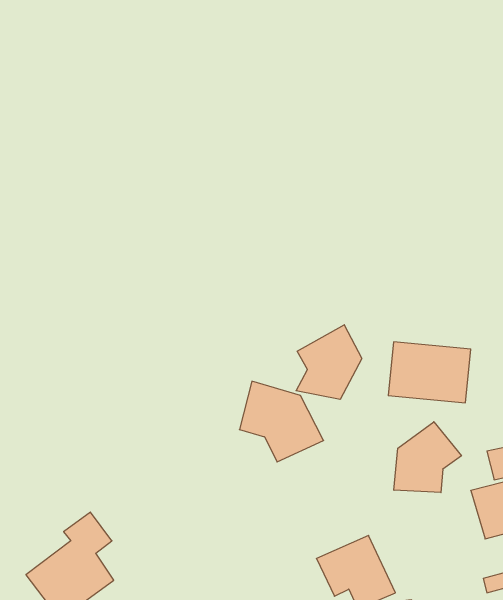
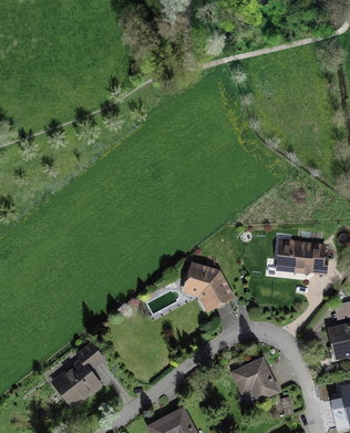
building: [296,325,362,399] -> none
building: [394,422,461,493] -> none

